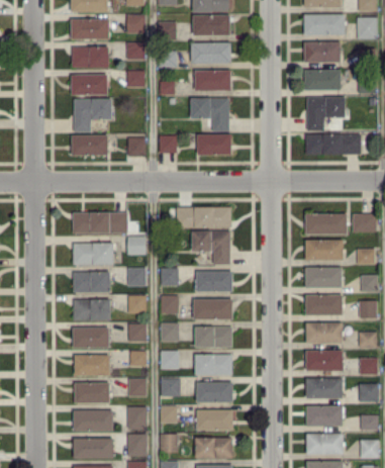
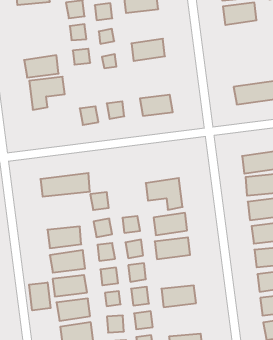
building: [70,19,109,39] -> none
building: [190,41,230,63] -> none
building: [71,46,108,68] -> none
building: [303,70,341,90] -> none
building: [306,97,345,130] -> none
building: [190,98,228,131] -> none
building: [71,134,107,156] -> none
building: [175,207,230,227] -> none
building: [72,243,112,265] -> none
building: [194,326,231,348] -> none
building: none -> [29,282,51,310]
building: [195,382,231,402] -> none

